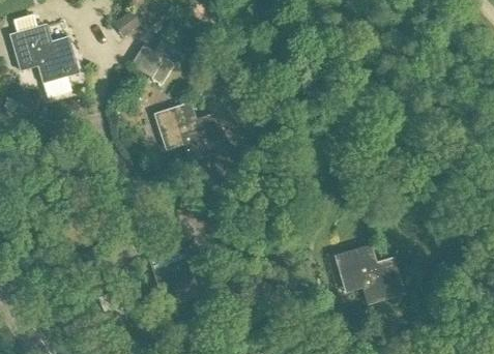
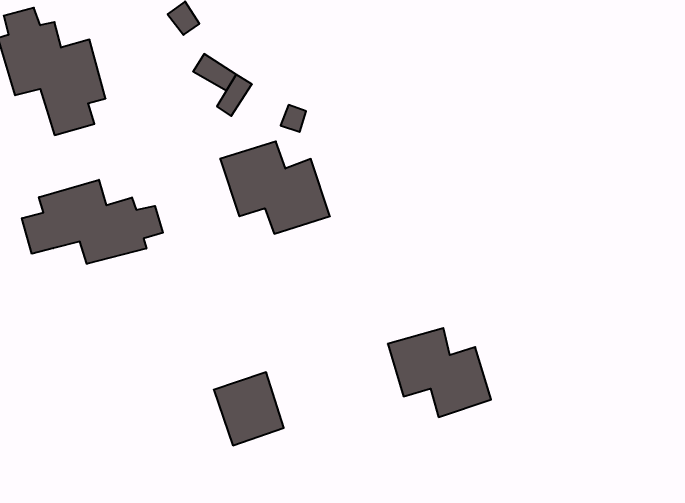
building: none -> [22,180,163,264]
building: [333,247,401,305] -> [388,328,491,417]

